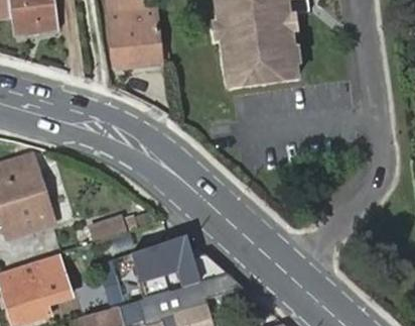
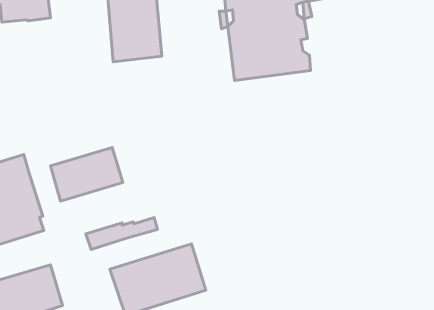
building: none -> [50,147,123,201]

